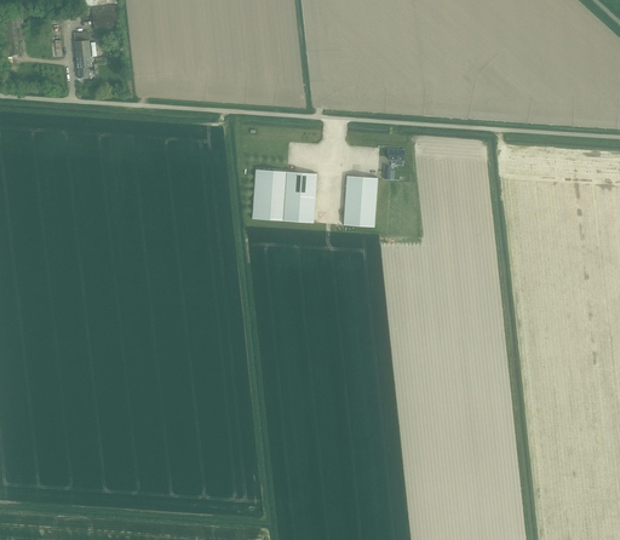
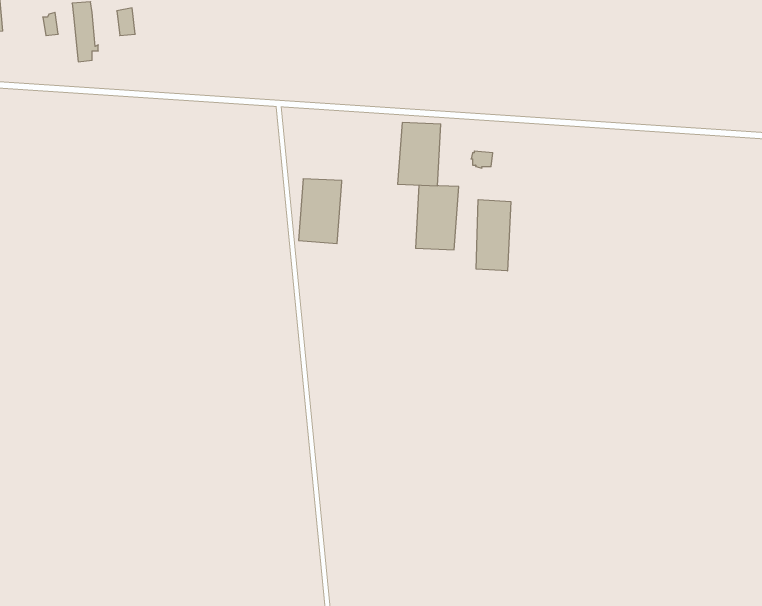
building: [281,172,315,222] -> [398,123,441,186]
building: none -> [476,200,511,271]

